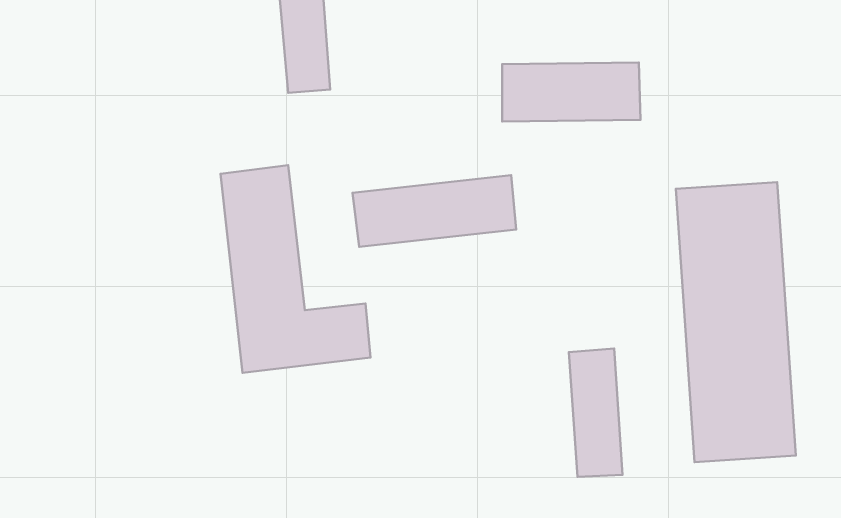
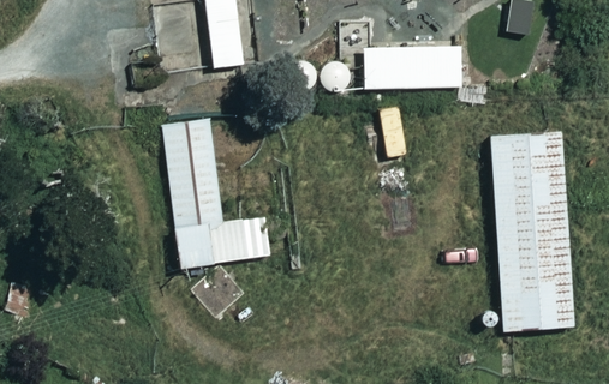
building: [353,175,516,247] -> none
building: [569,348,623,477] -> none

